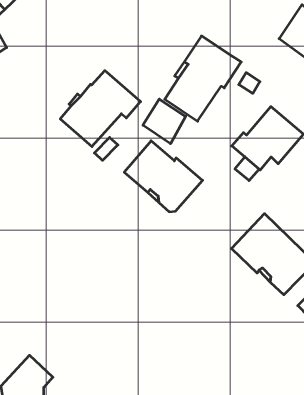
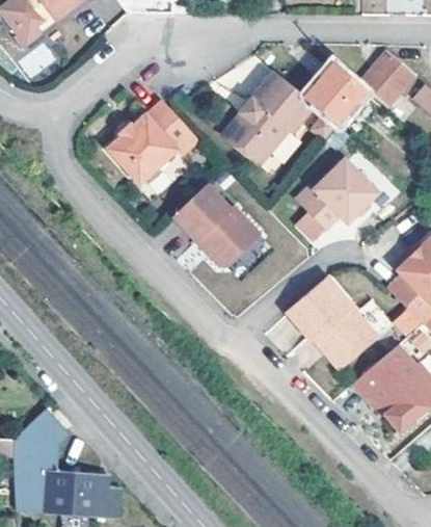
building: none -> [306,64,366,123]
building: [143,99,186,144] -> none

